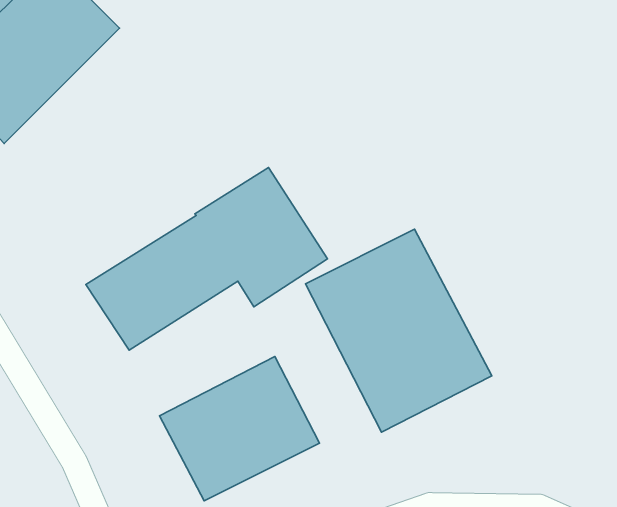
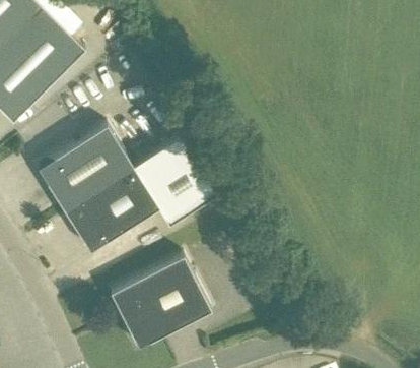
building: none -> [37,126,133,211]
building: [305,229,492,432] -> none

